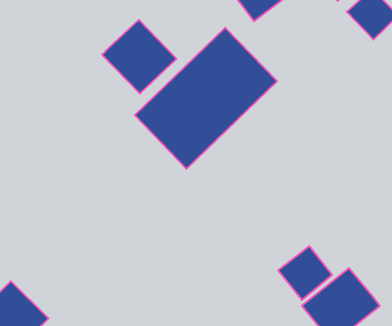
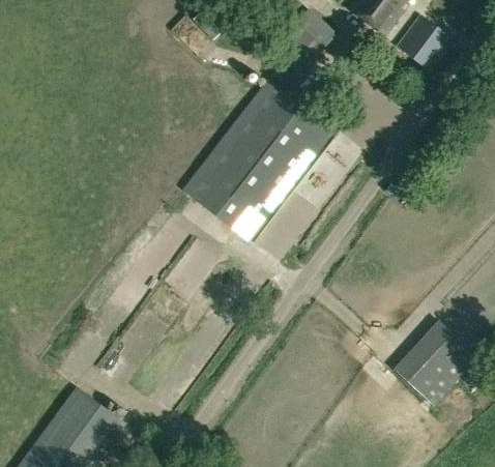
building: [102,20,176,94] -> none
building: [278,246,332,300] -> none

